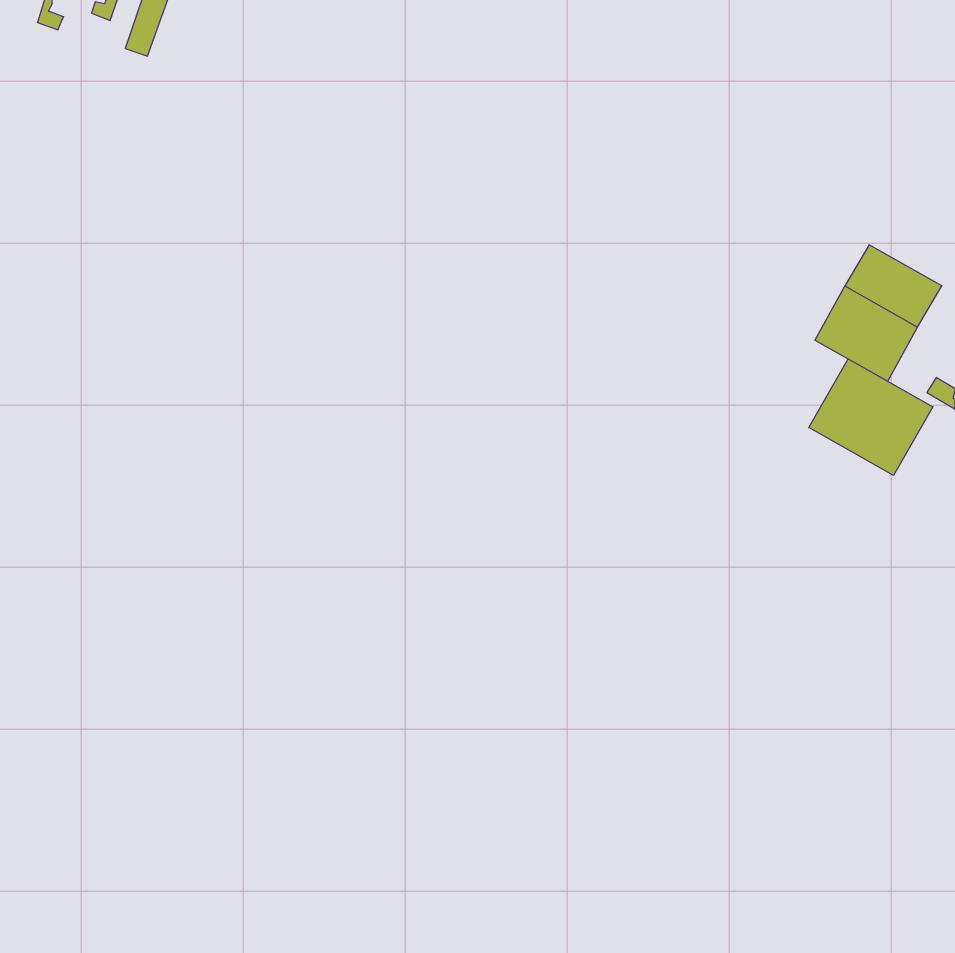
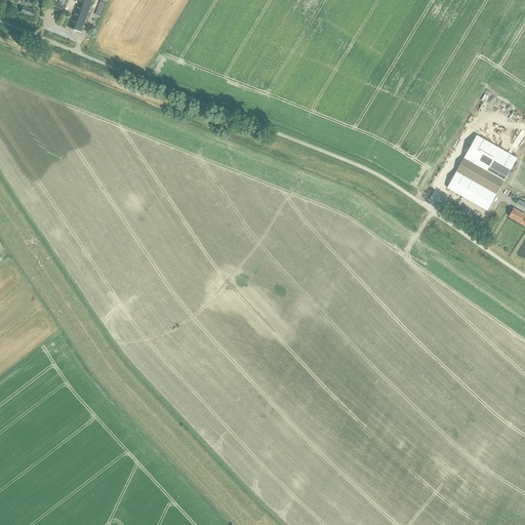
building: [809,359,933,475] -> none

